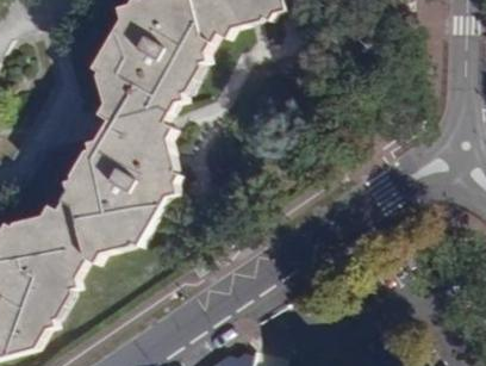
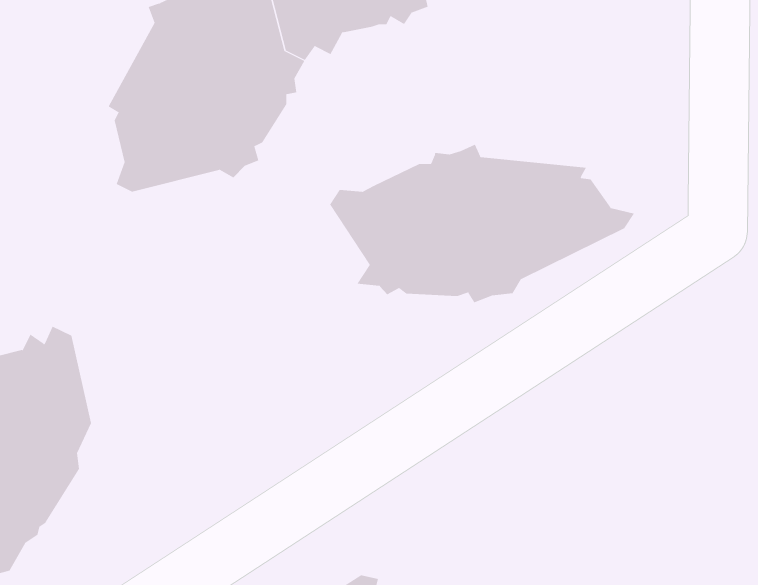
building: none -> [329,144,635,303]
building: [58,111,177,263] -> none

